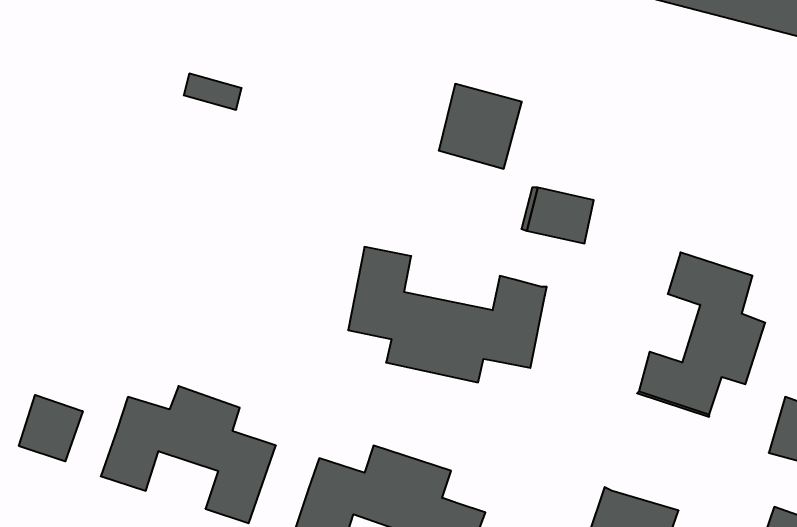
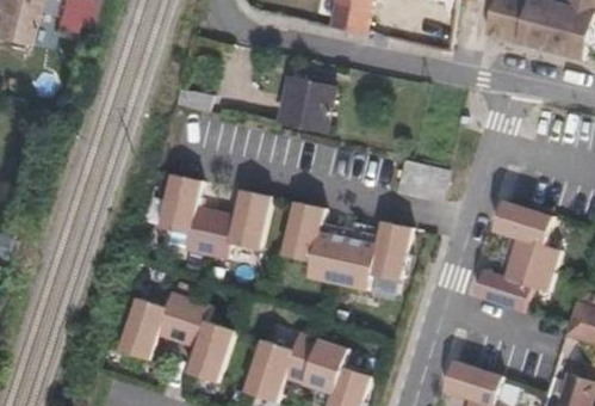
building: [439,84,522,169] -> [279,73,334,129]
building: none -> [157,173,269,258]
building: [19,395,83,461] -> none

